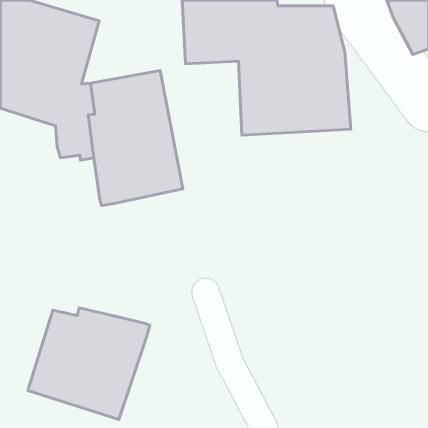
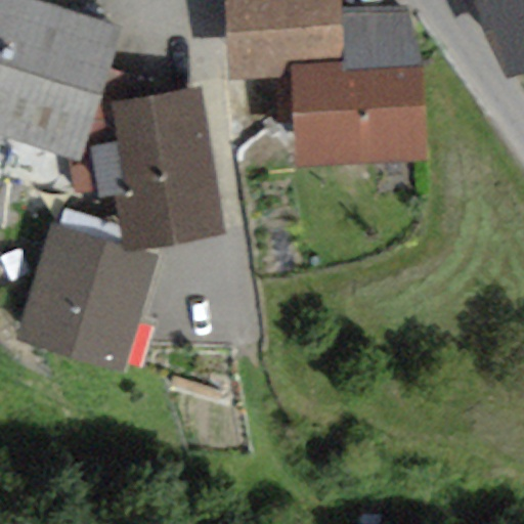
building: none -> [14,222,159,373]
building: [28,308,150,419] -> none

